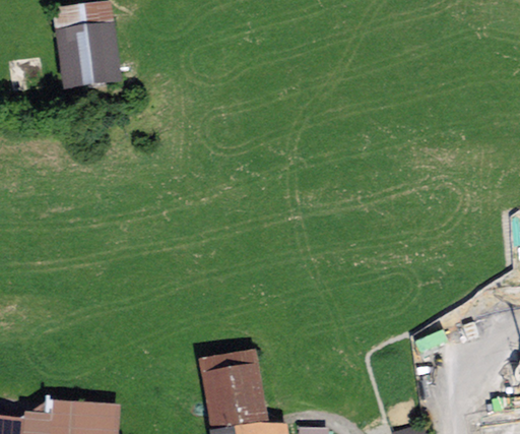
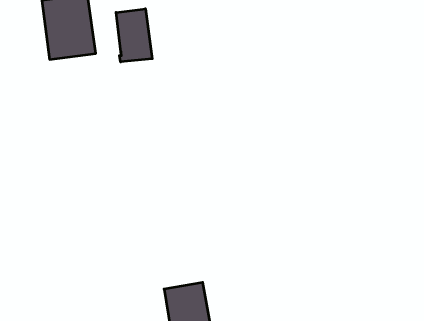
building: none -> [116,9,152,62]

